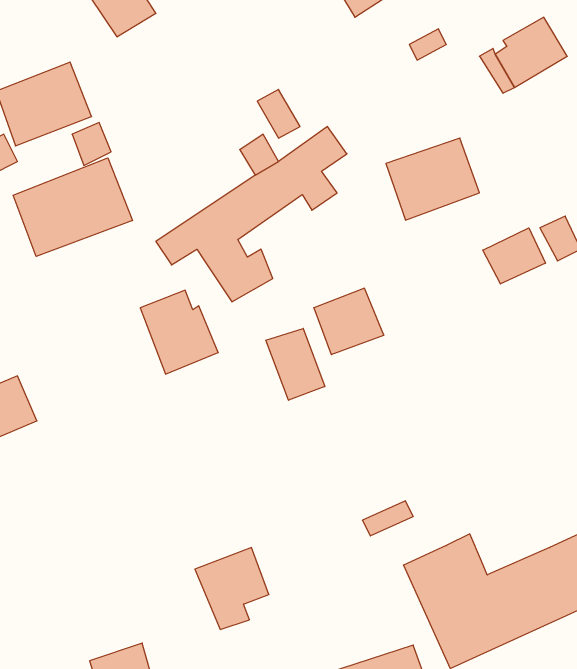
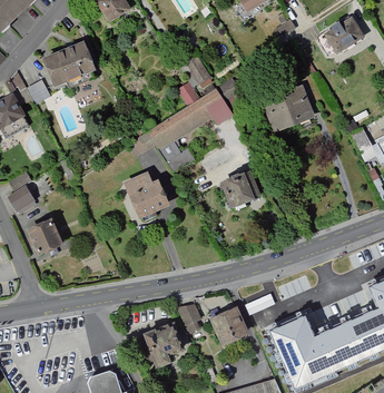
building: [13,158,132,256] -> none
building: [483,228,545,284] -> none
building: [266,328,325,400] -> none
building: none -> [181,303,206,333]
building: none -> [216,306,256,345]

